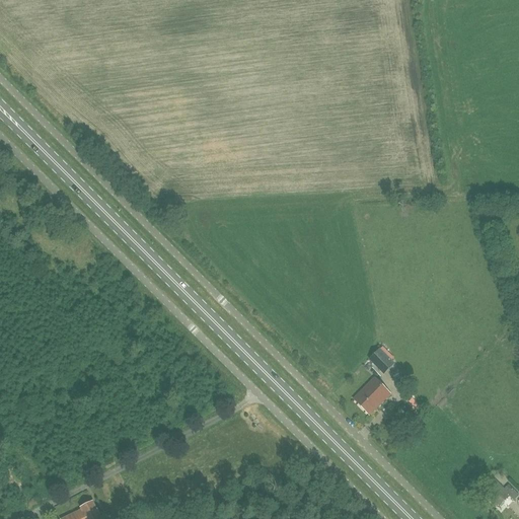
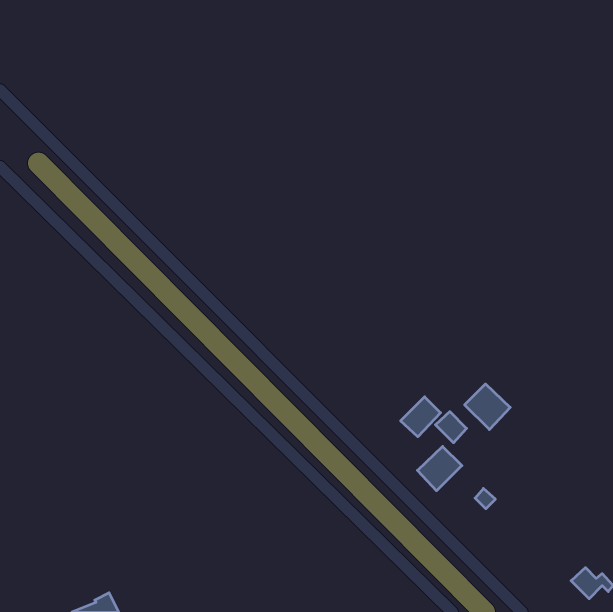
building: none -> [465,384,510,430]
building: none -> [401,397,441,437]

